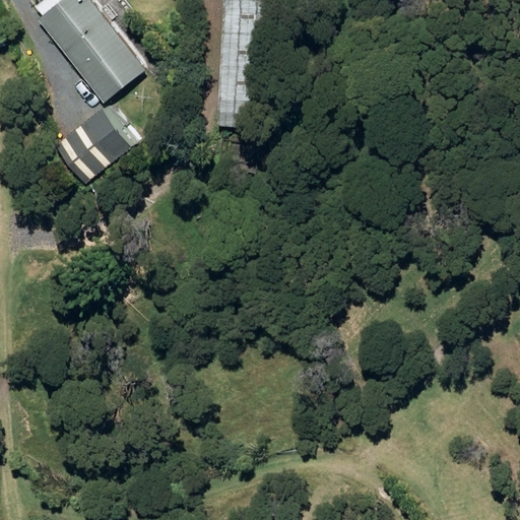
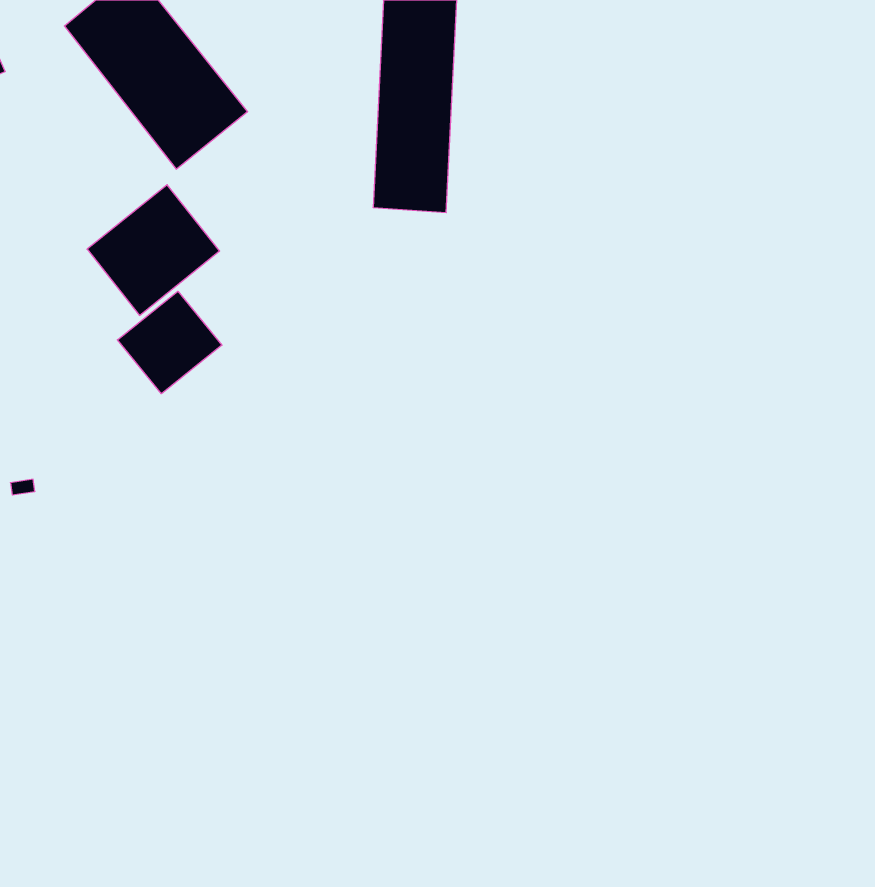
building: none -> [117,291,222,394]

